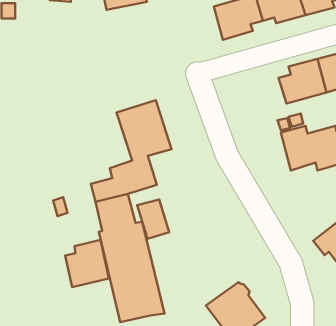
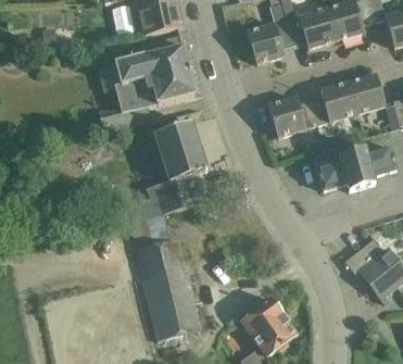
building: none -> [99,35,196,130]
building: none -> [269,96,318,136]
building: [137,200,169,239] -> none
building: [65,240,109,287] -> none

